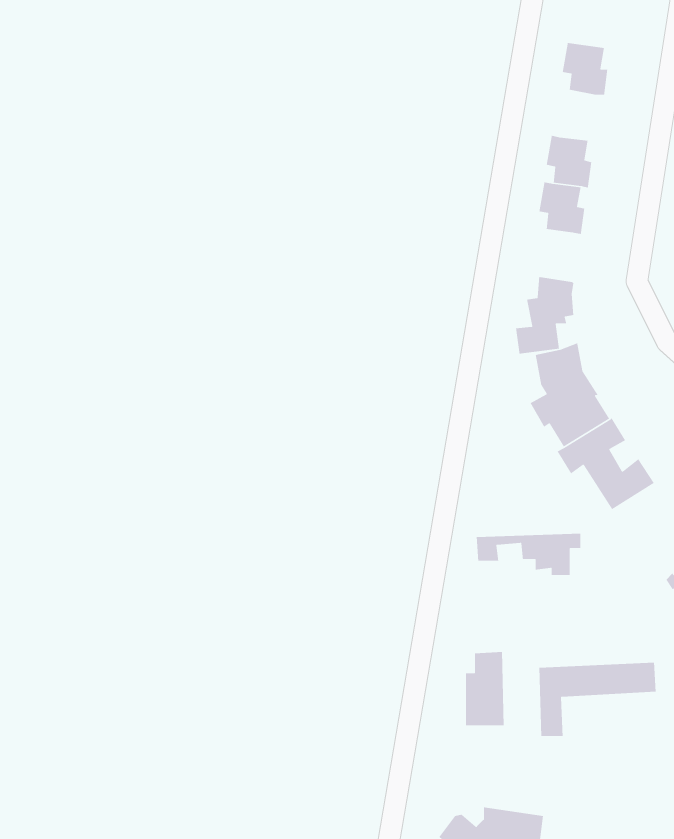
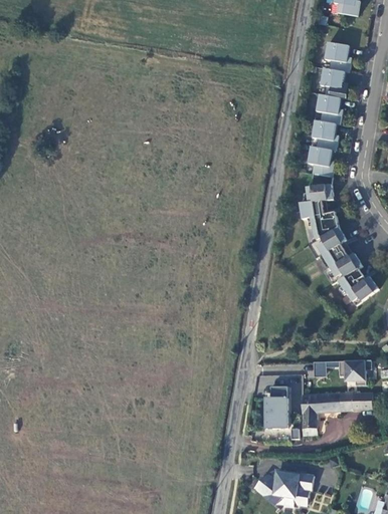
building: none -> [320,68,346,98]
building: none -> [307,147,333,177]
building: [476,533,581,576] -> [316,358,375,382]

